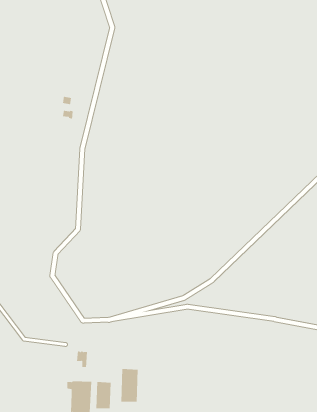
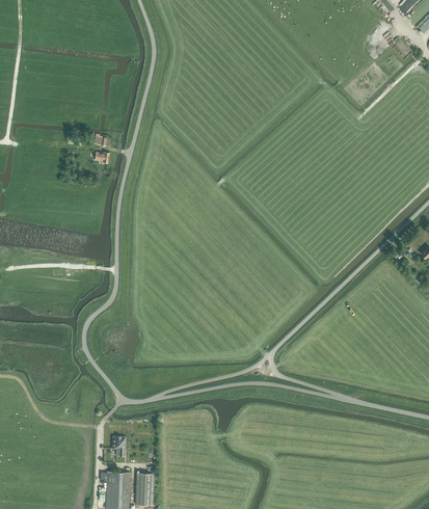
building: [121,368,138,402] -> none

